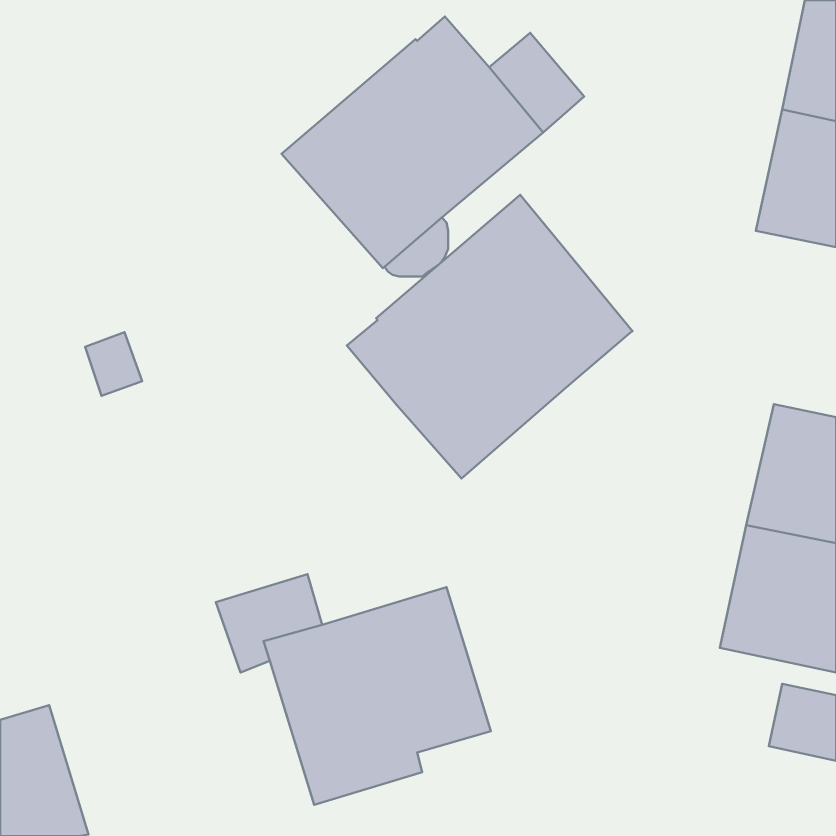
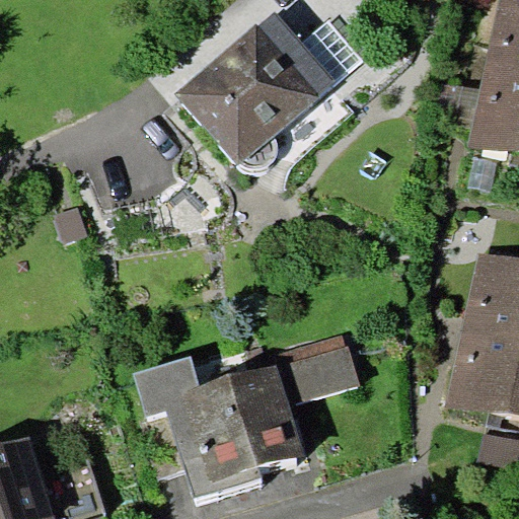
building: [347,195,633,478] -> none
building: none -> [274,335,360,406]

